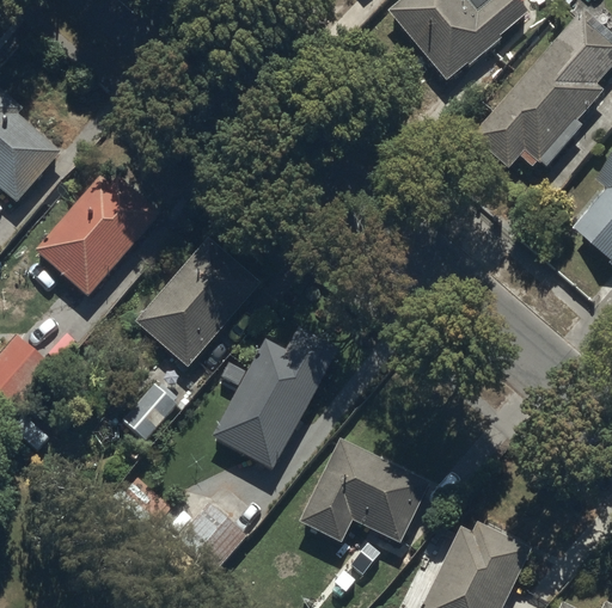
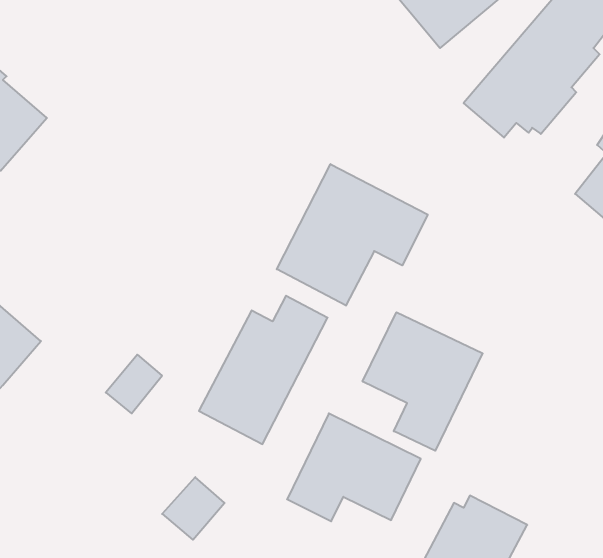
building: [33,176,160,297] -> none
building: none -> [277,164,428,306]
building: [133,237,262,371] -> none
building: none -> [363,312,483,451]

